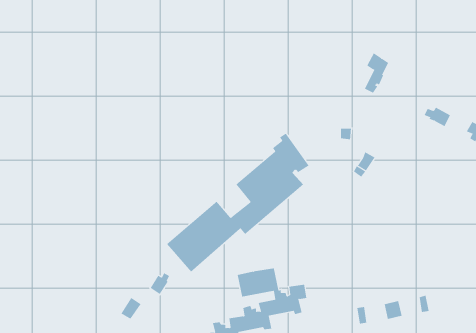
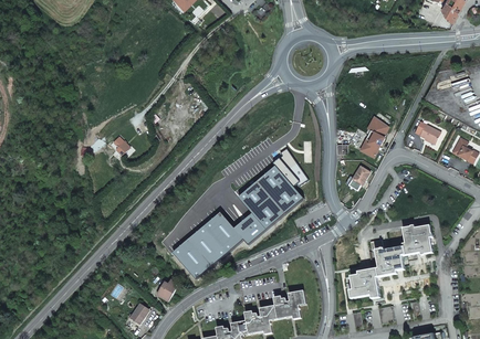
building: [364,52,389,94] -> [365,117,388,156]
building: none -> [348,225,432,300]

